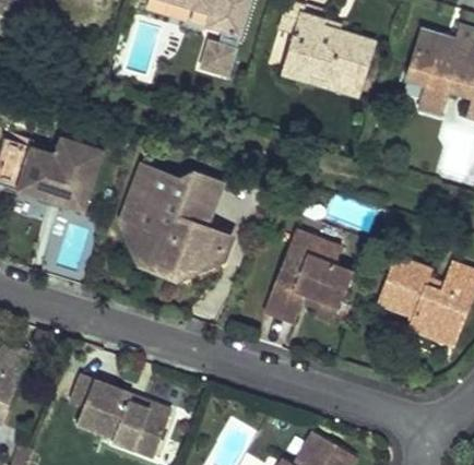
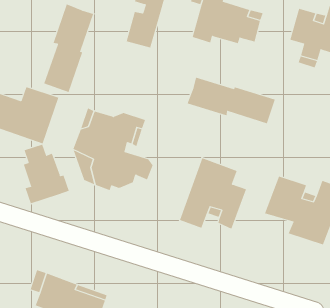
building: none -> [43,3,94,93]
building: none -> [187,77,275,124]
building: none -> [23,144,70,204]

